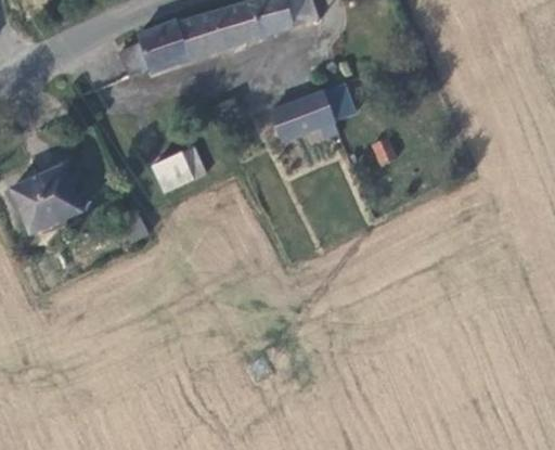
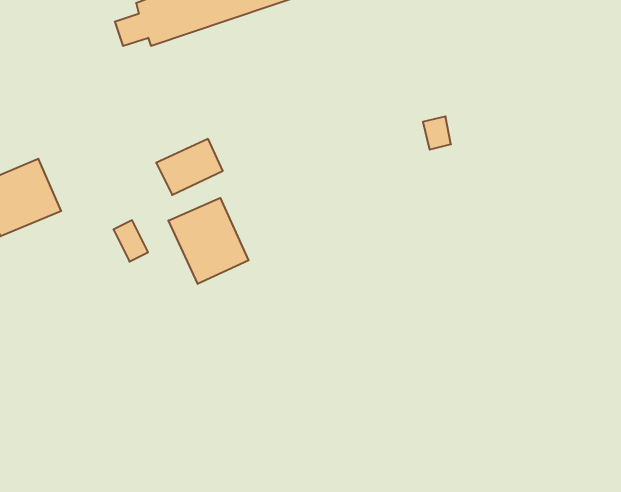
building: [256,78,353,140] -> none
building: none -> [168,198,249,284]

